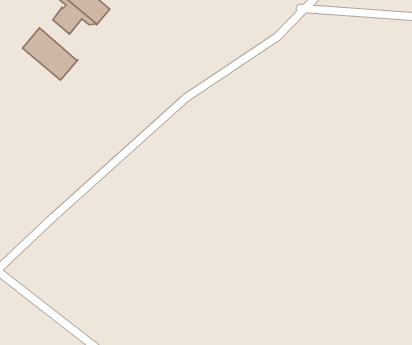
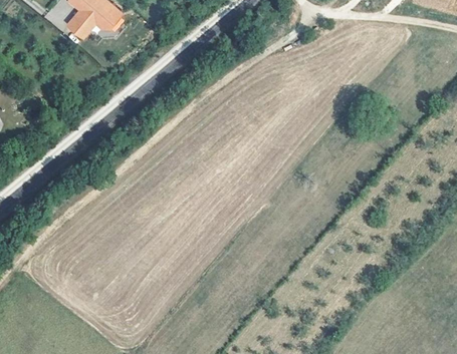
building: [23,28,78,80] -> none

